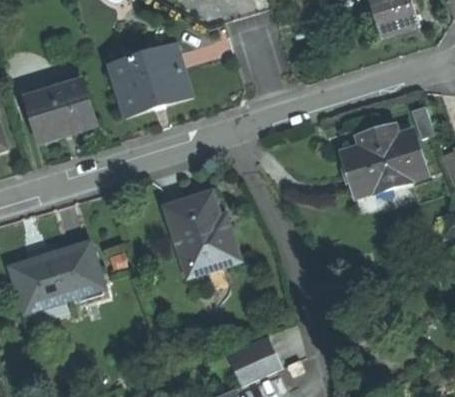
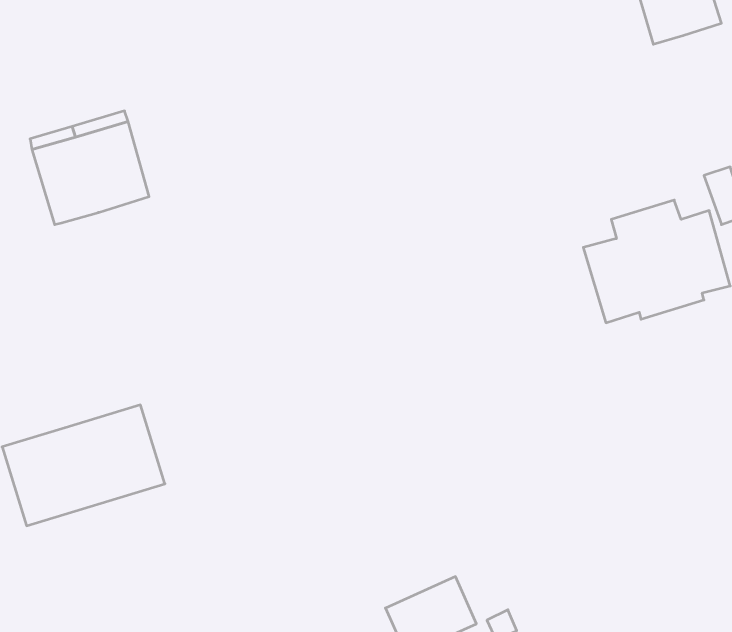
building: [112,46,188,113] -> none
building: [163,193,237,276] -> none

